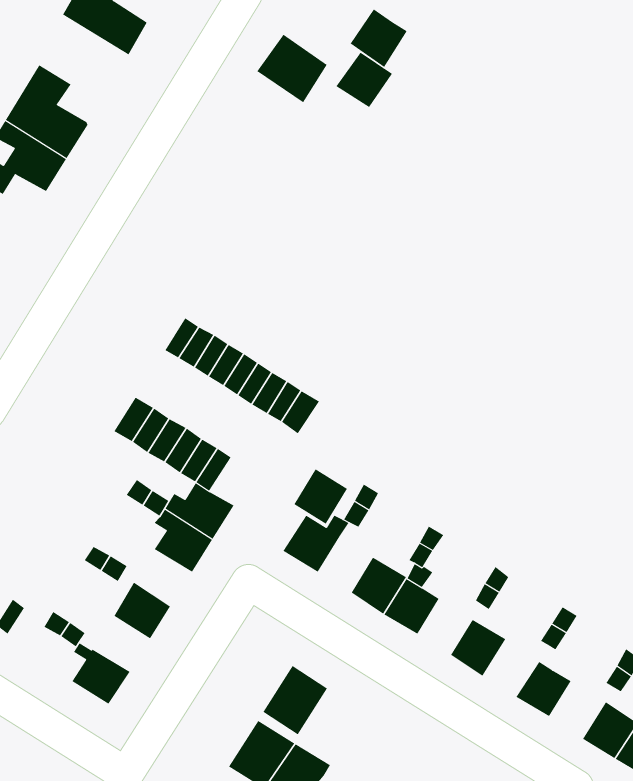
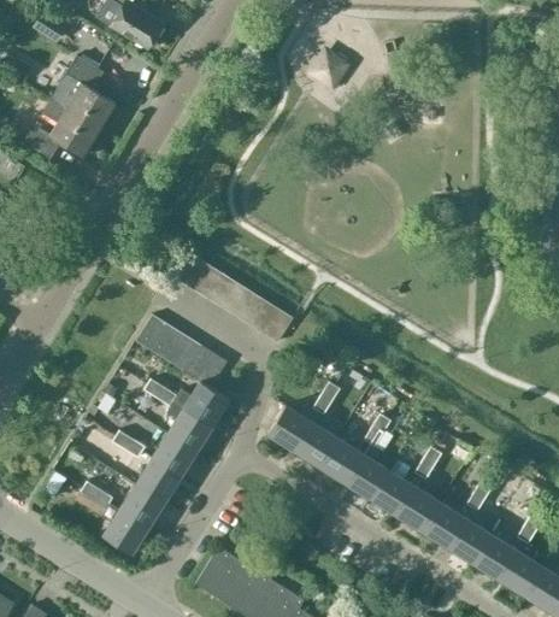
building: [350,8,408,68] -> none
building: [257,34,328,103] -> none
building: [294,468,348,524] -> [295,423,337,466]
building: none -> [152,433,198,477]
building: none -> [372,471,414,515]
building: none -> [119,484,165,528]
building: none -> [423,503,466,547]
building: [263,665,328,735] -> [198,547,248,601]
building: none -> [475,535,518,580]

